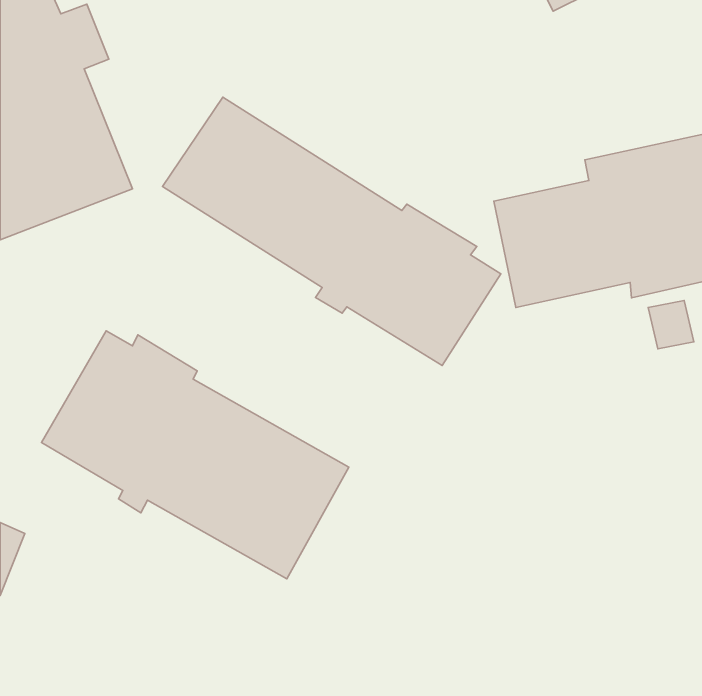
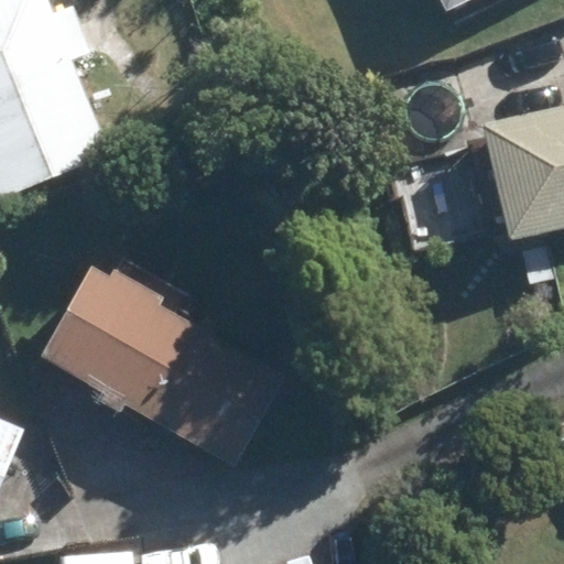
building: [162,97,501,365] -> none

